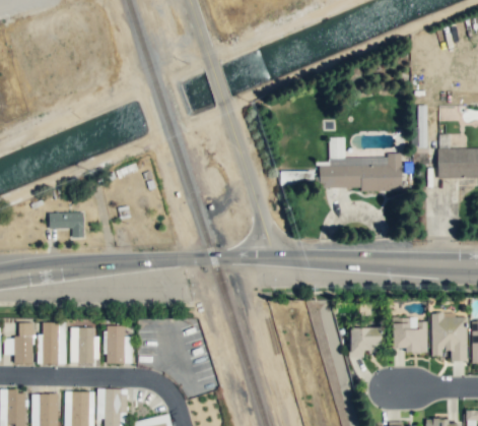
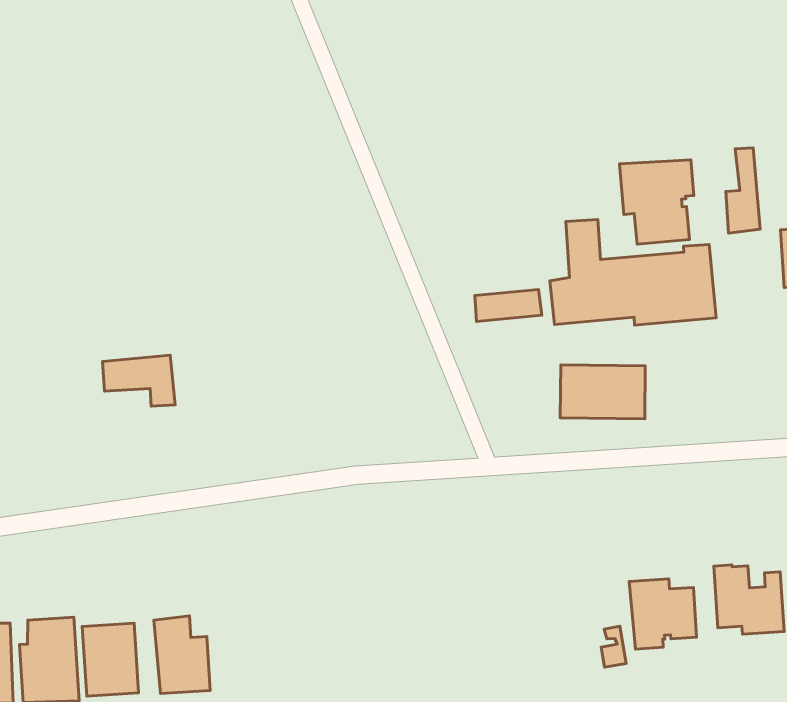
building: none -> [619,160,694,244]
building: none -> [560,365,645,419]
building: [49,212,84,238] -> [102,355,175,406]

